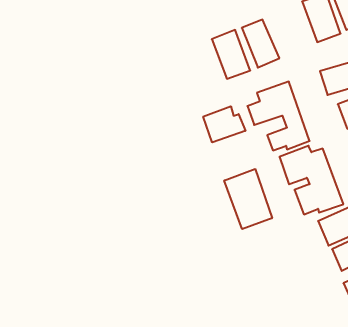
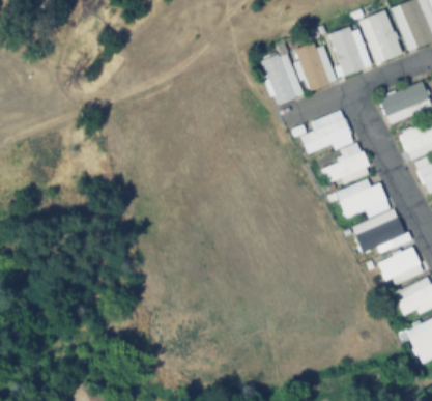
building: none -> [328,25,372,78]
building: [203,106,245,142] -> none
building: [224,169,272,229] -> none

